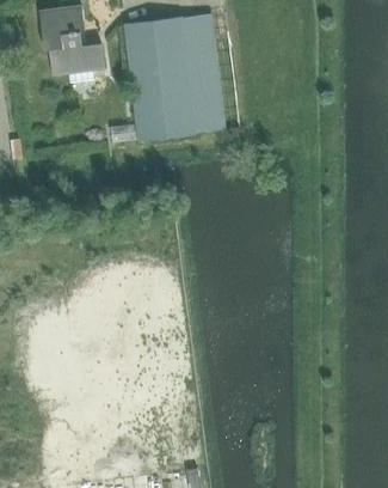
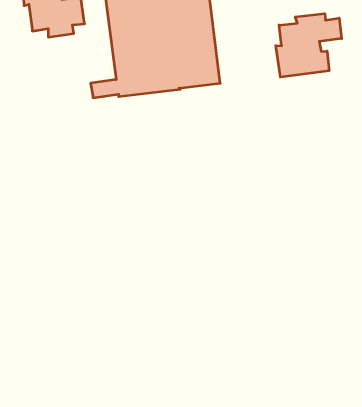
building: none -> [276,14,342,77]

